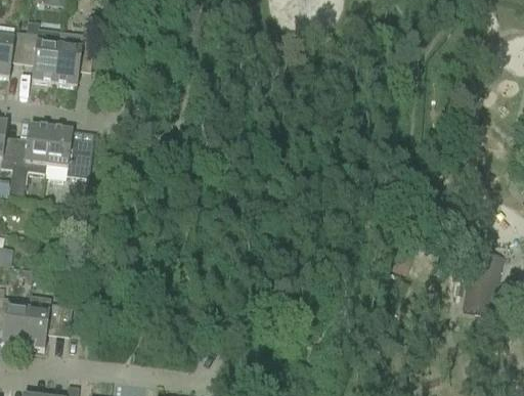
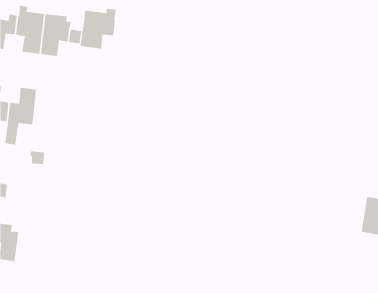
building: none -> [80,8,117,49]
building: [45,124,92,176] -> none
building: [23,292,60,346] -> none

